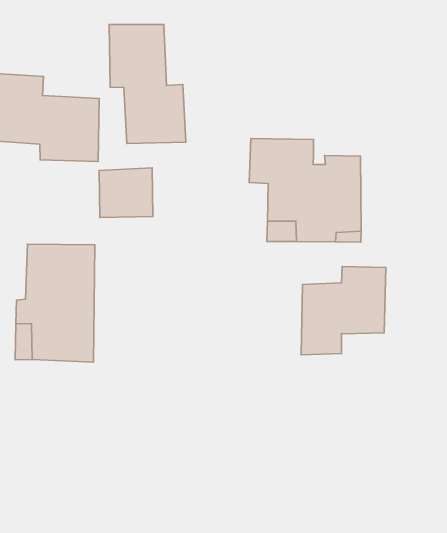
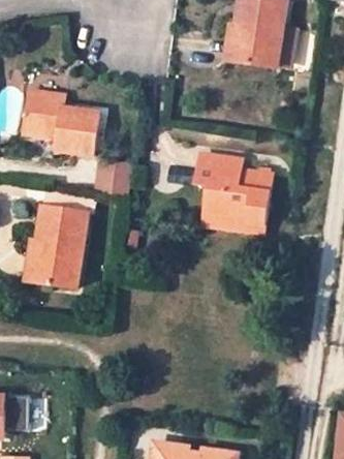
building: [109,24,186,143] -> none
building: [301,266,386,355] -> none

